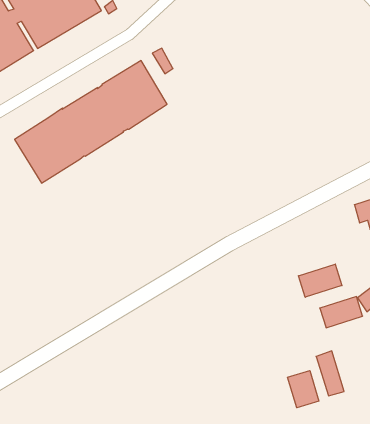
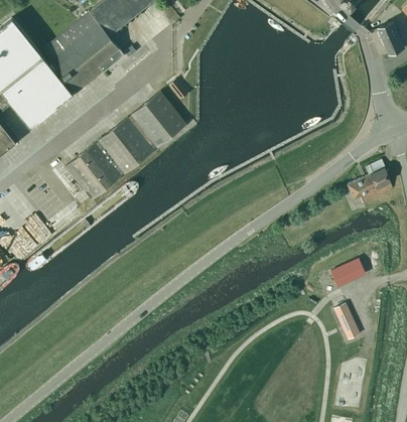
building: [298,264,342,297] -> none
building: [287,371,319,408] -> none

